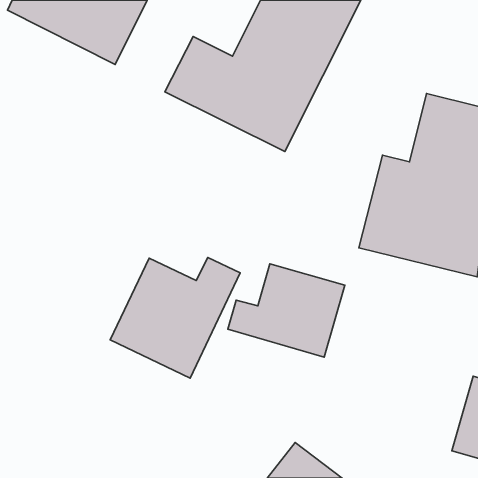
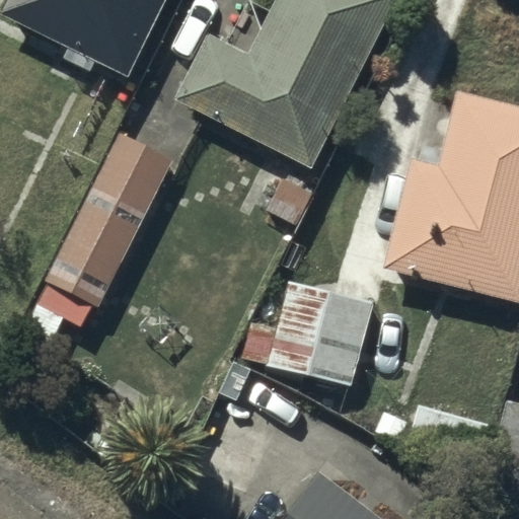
building: none -> [20,132,171,346]
building: [110,258,240,378] -> none

